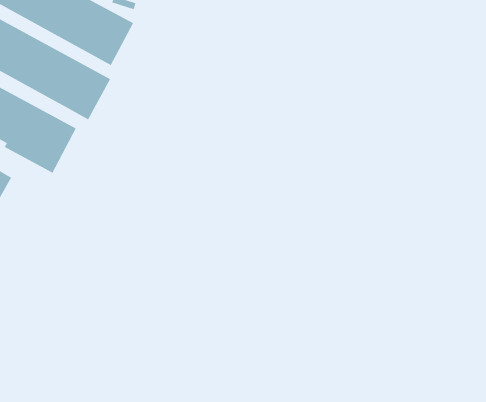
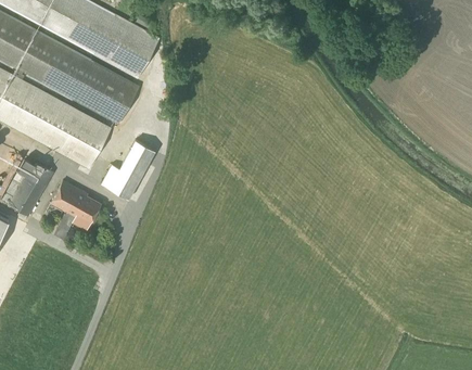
building: none -> [101,139,154,197]
building: none -> [50,179,100,226]

